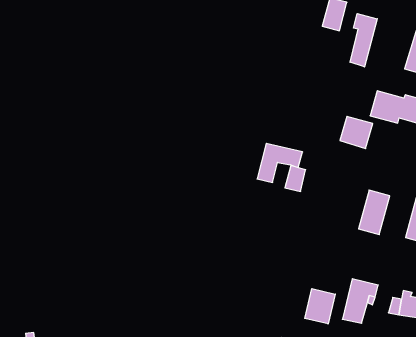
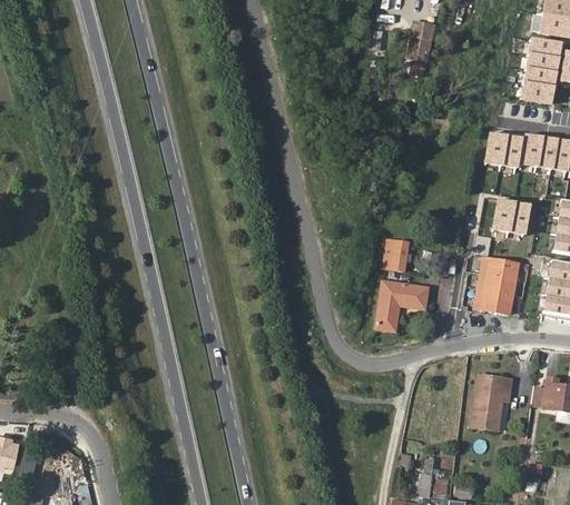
building: [350,14,377,67] -> none
building: [340,116,373,149] -> [491,198,530,236]
building: [257,143,303,182] -> [374,286,428,334]
building: [305,289,335,324] -> none

